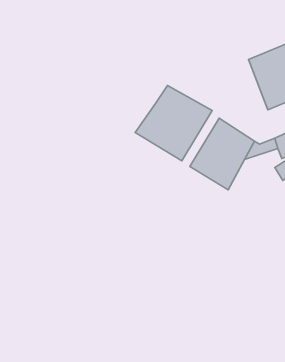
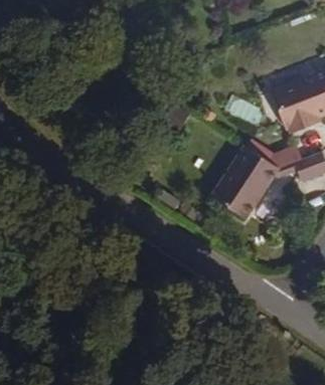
building: [135,85,212,161] -> none

